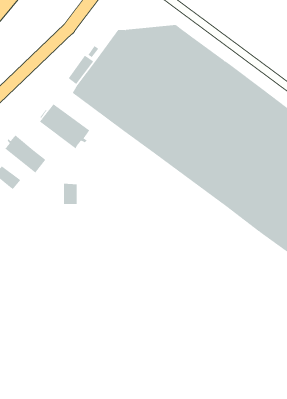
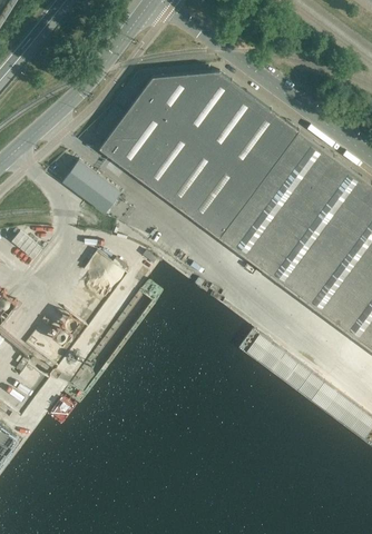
building: [4,135,46,173] -> none

